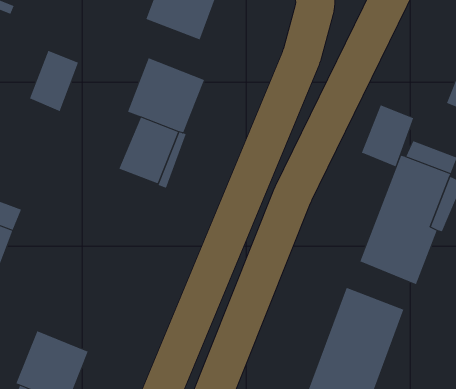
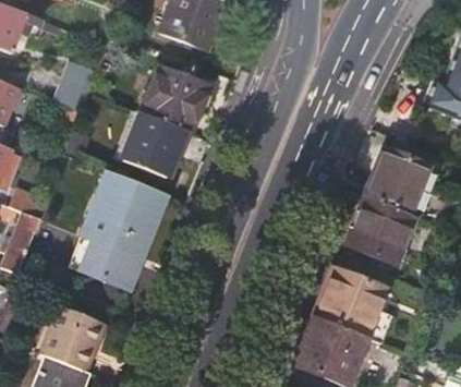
building: [361,104,414,167] -> none
building: none -> [78,165,173,290]

